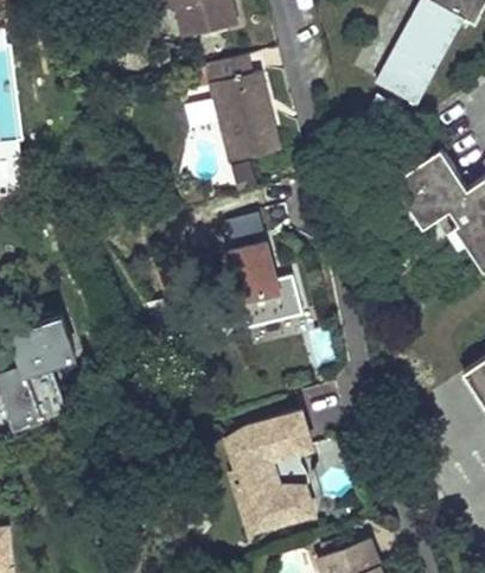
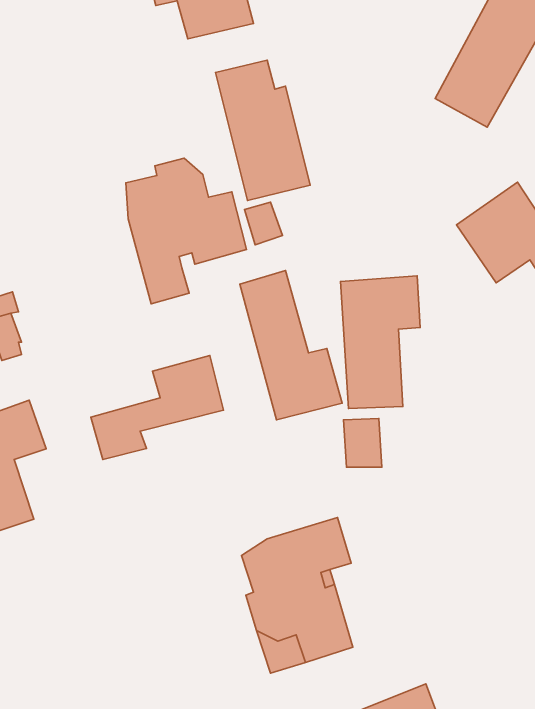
building: none -> [126,158,247,304]
building: none -> [341,276,420,409]
building: none -> [91,356,224,459]

